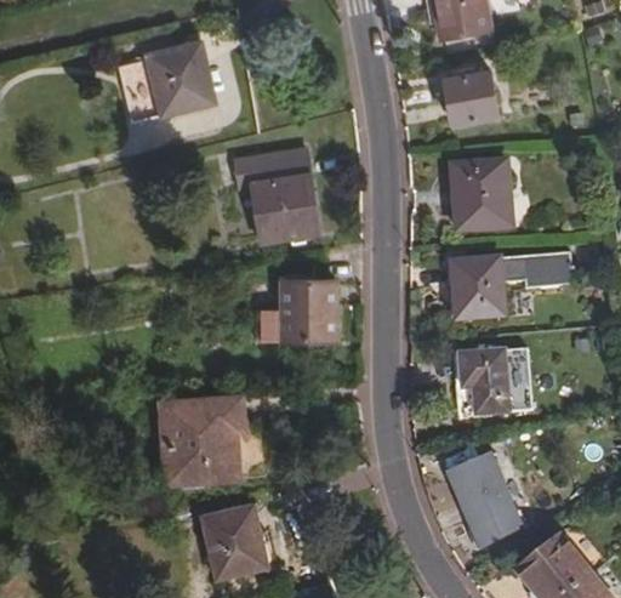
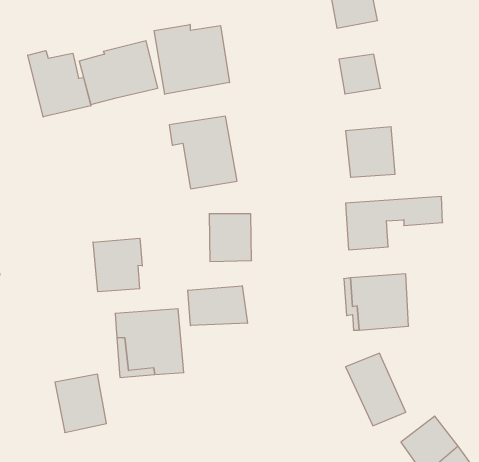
building: none -> [154,24,229,94]
building: none -> [28,51,91,117]
building: none -> [93,238,142,292]
building: none -> [188,286,247,326]
building: [201,505,266,577] -> [55,374,106,432]

